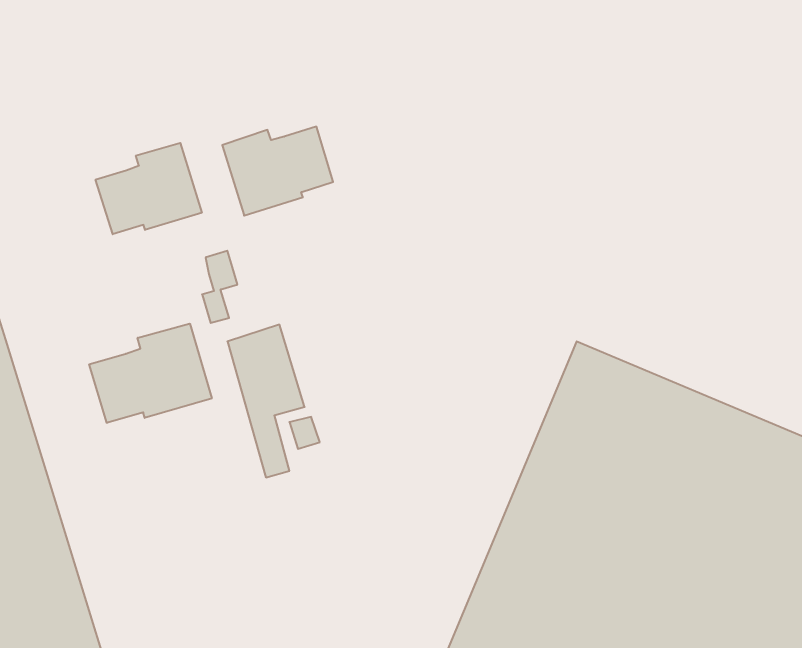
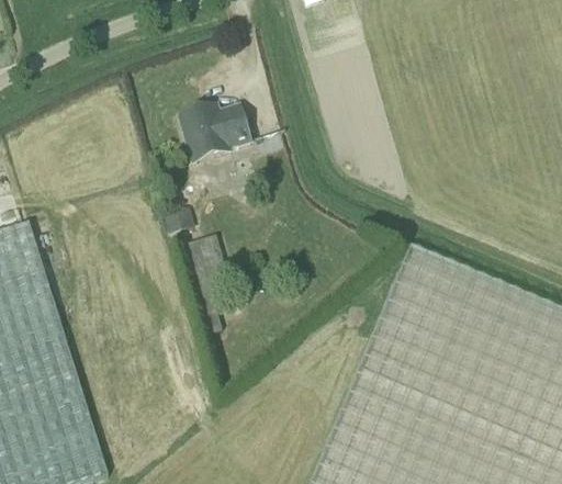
building: [96,143,202,234] -> none
building: [89,324,212,423] -> none

